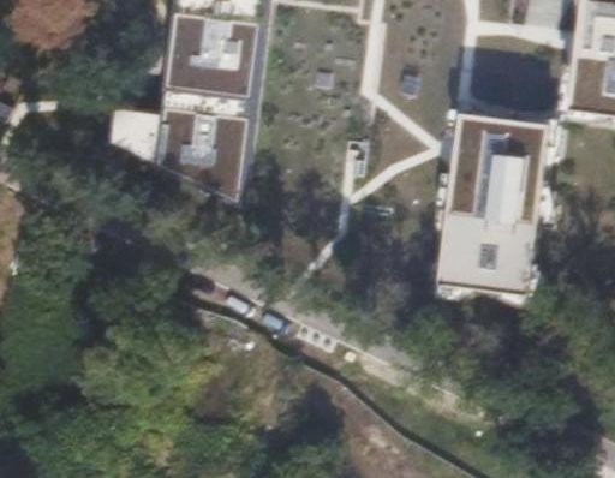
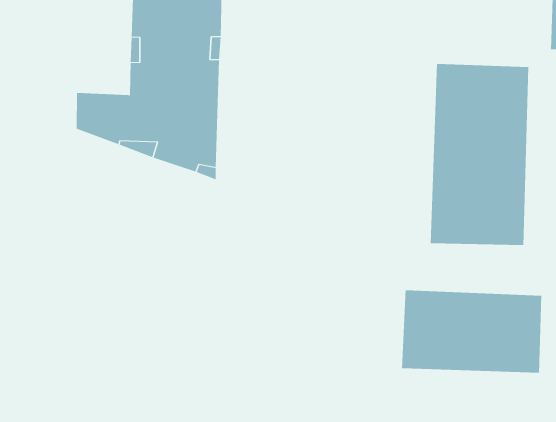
building: none -> [401,290,542,374]

